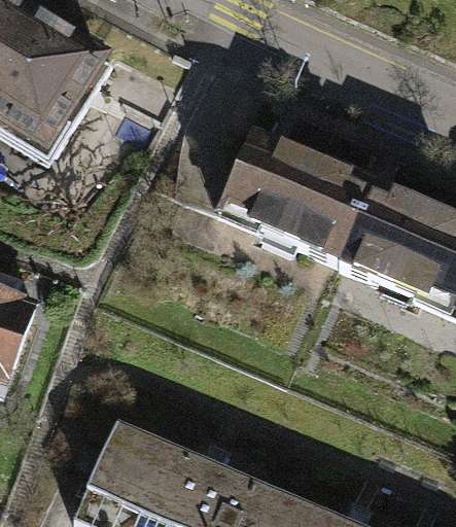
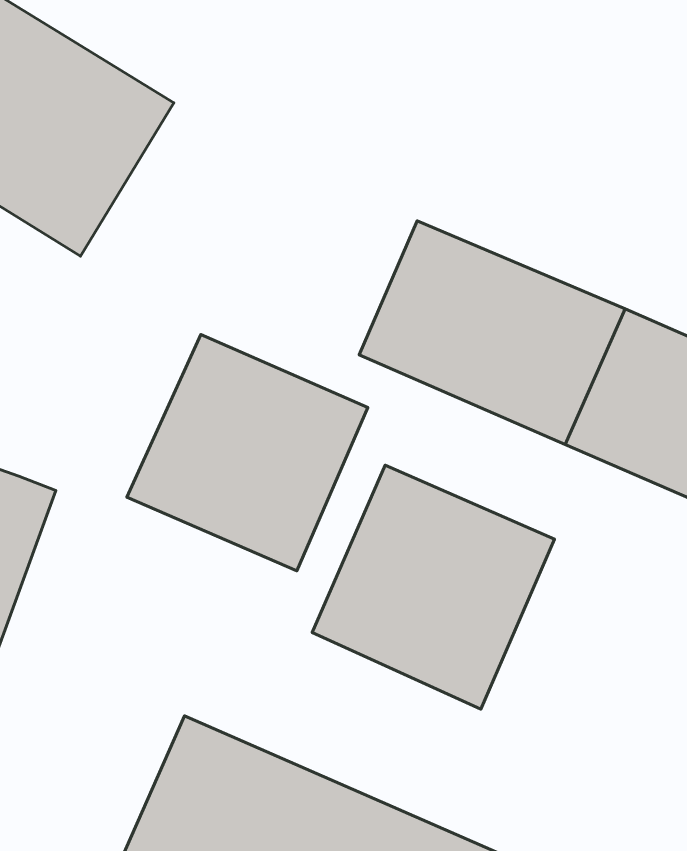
building: none -> [127,335,368,571]
building: none -> [312,465,554,709]

